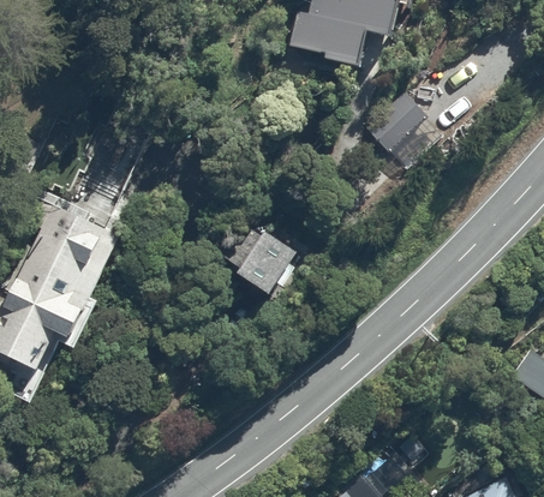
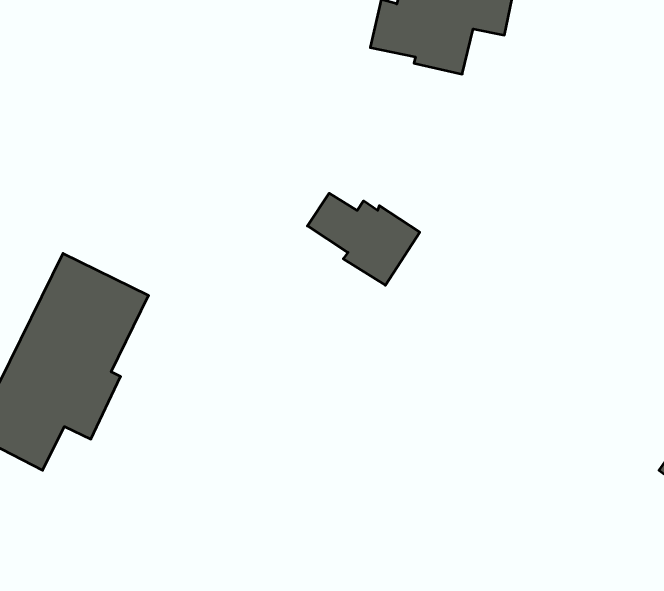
building: [364,88,429,151] -> none
building: [211,224,298,295] -> [307,193,420,285]

